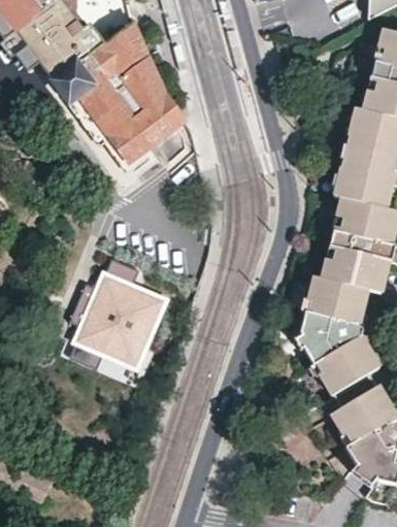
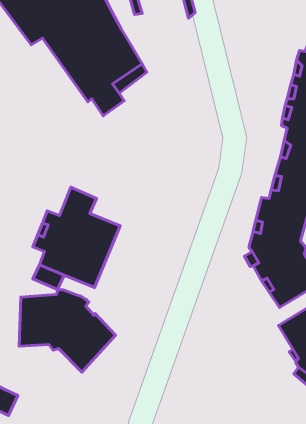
building: none -> [19,290,115,372]

